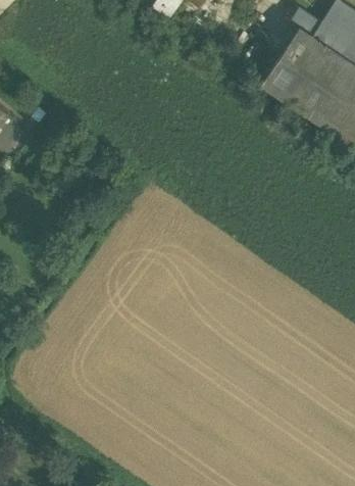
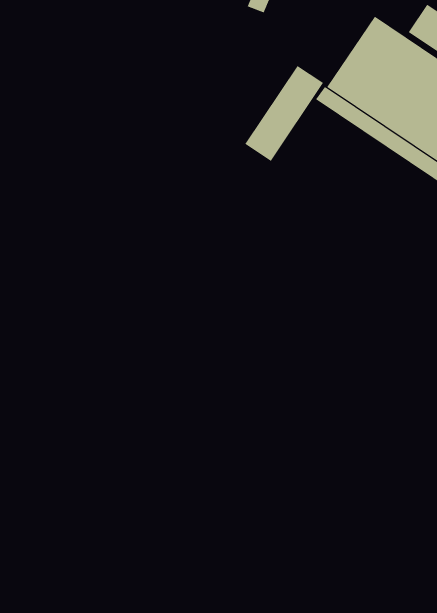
building: none -> [245,65,324,162]

